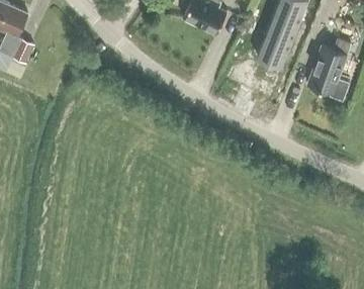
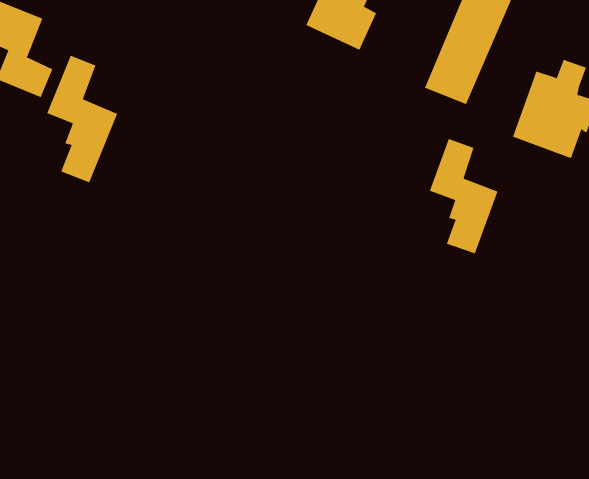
building: none -> [46,55,118,183]
building: none -> [429,138,498,254]

